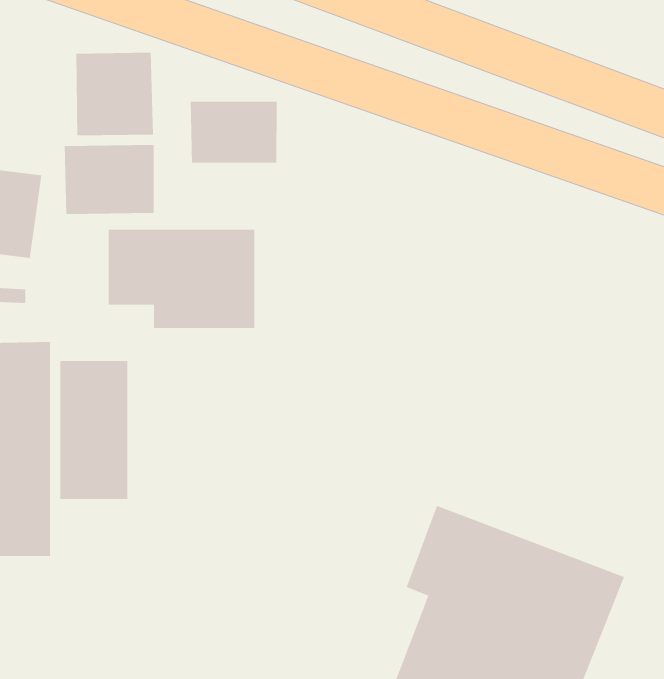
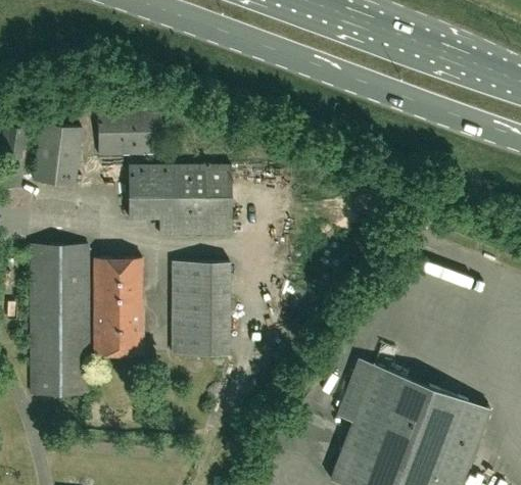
building: [76,52,153,136] -> none
building: [190,101,277,163] -> none
building: none -> [170,261,230,354]

